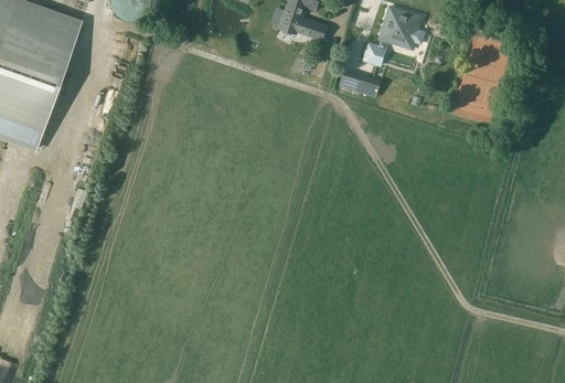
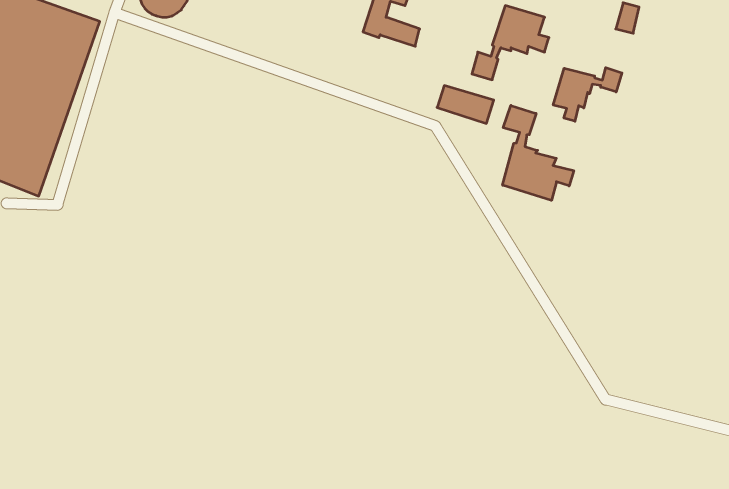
building: none -> [553,68,622,121]
building: none -> [503,105,574,200]

